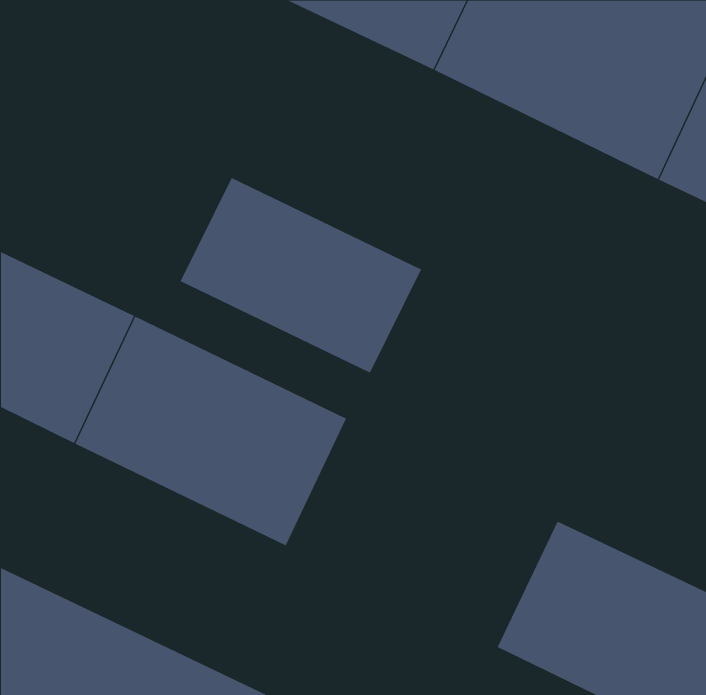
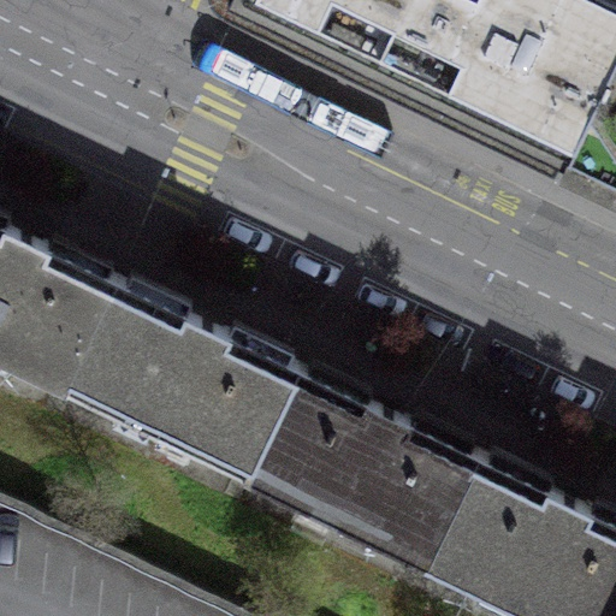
building: [180,177,422,374] -> none
building: none -> [255,378,487,574]

